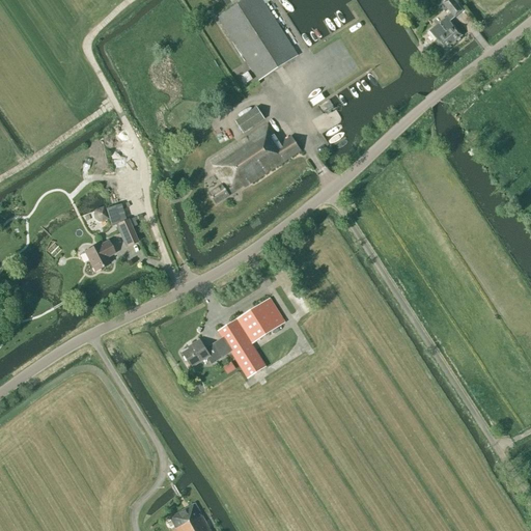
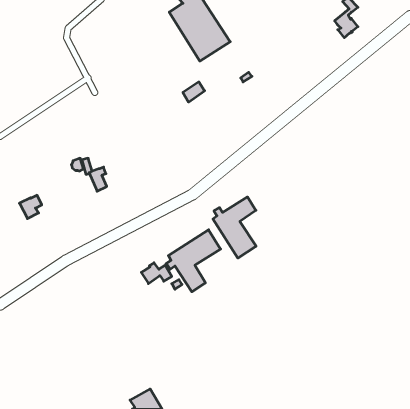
building: [209,123,301,202] -> none
building: [85,240,114,270] -> [19,195,42,219]
building: none -> [213,197,256,258]

